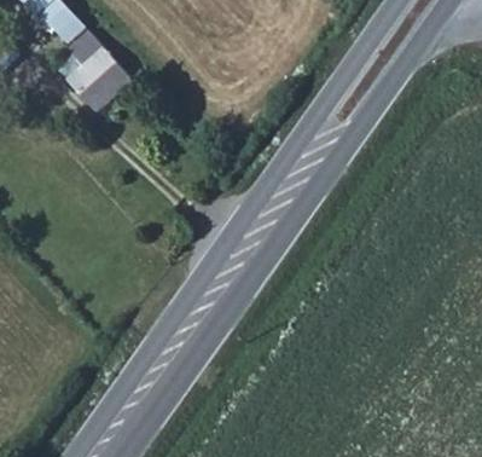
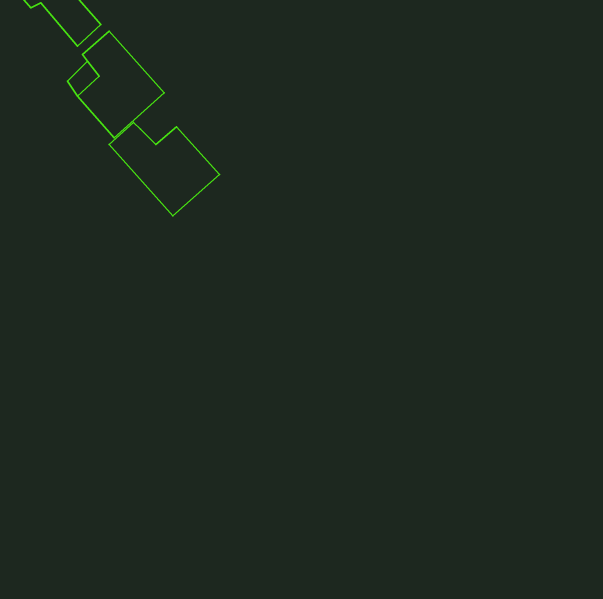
building: none -> [109,122,220,216]

